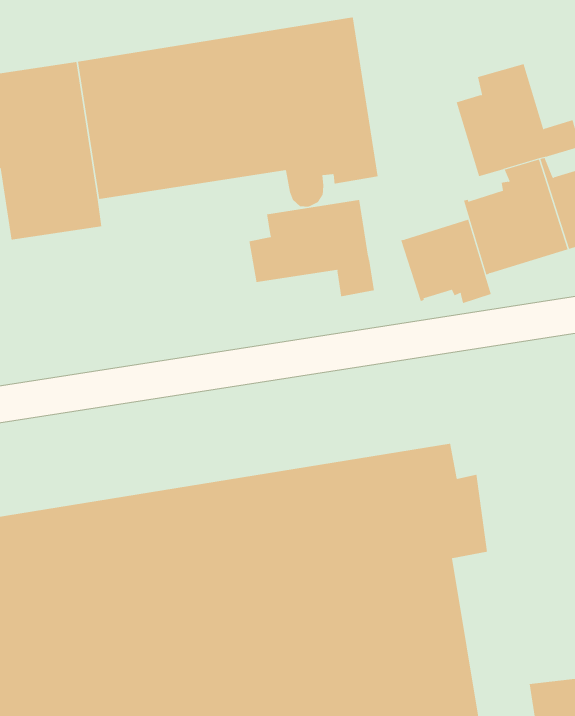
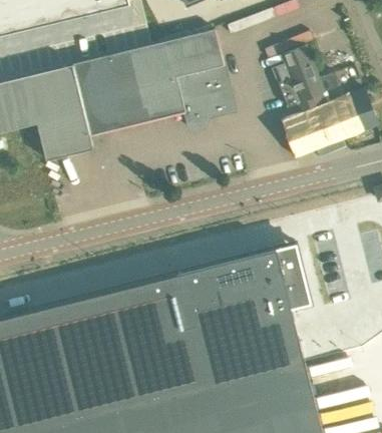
building: [249,199,375,297] -> none
building: [400,219,492,304] -> none

